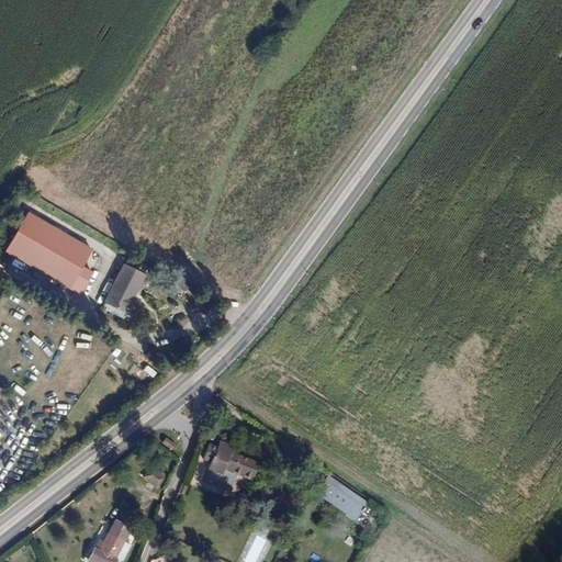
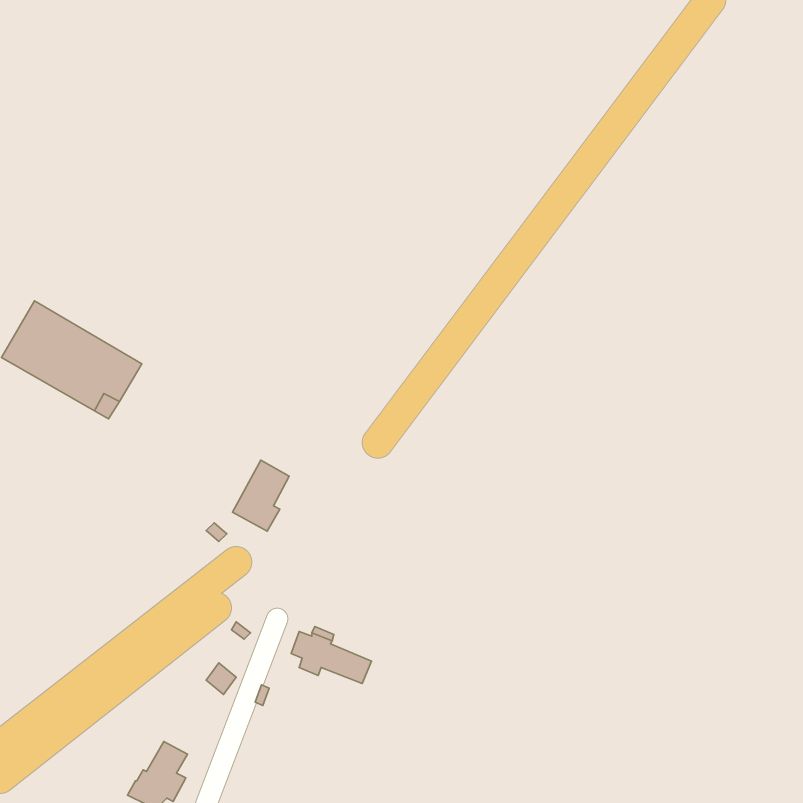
building: [105,266,145,315] -> [233,460,289,531]
building: [317,474,360,513] -> none

